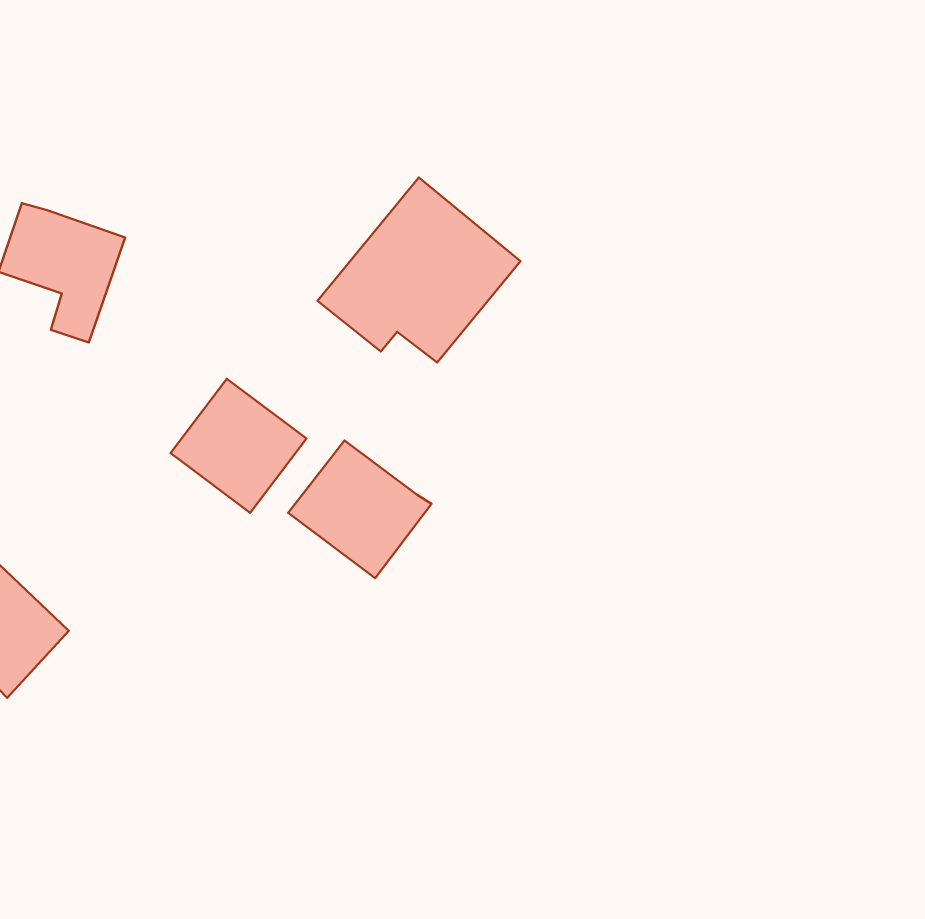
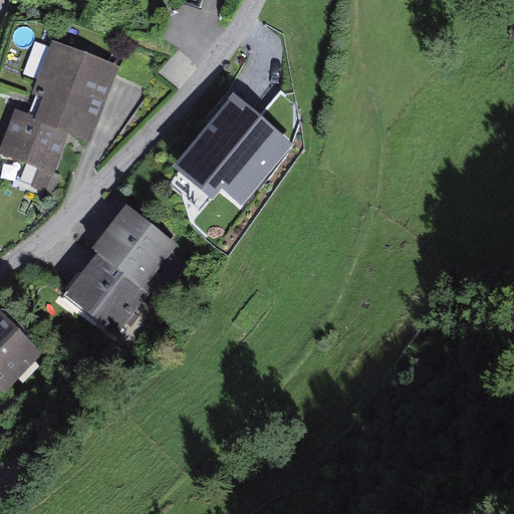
building: none -> [26,42,116,139]
building: [288,440,432,578] -> [67,254,147,330]

